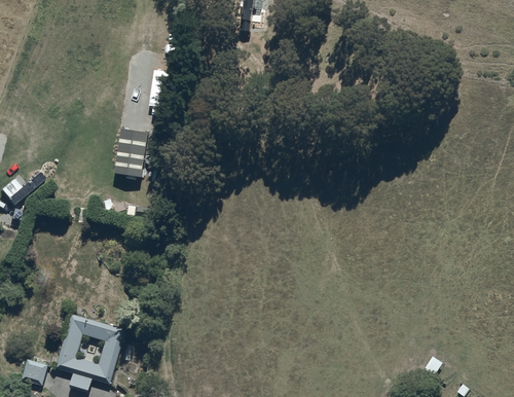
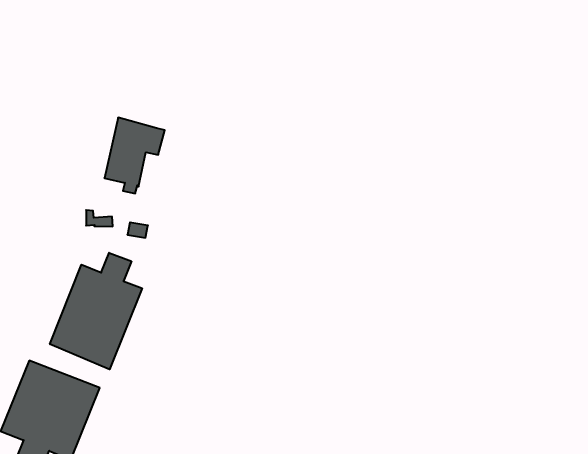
building: none -> [50,253,142,369]

